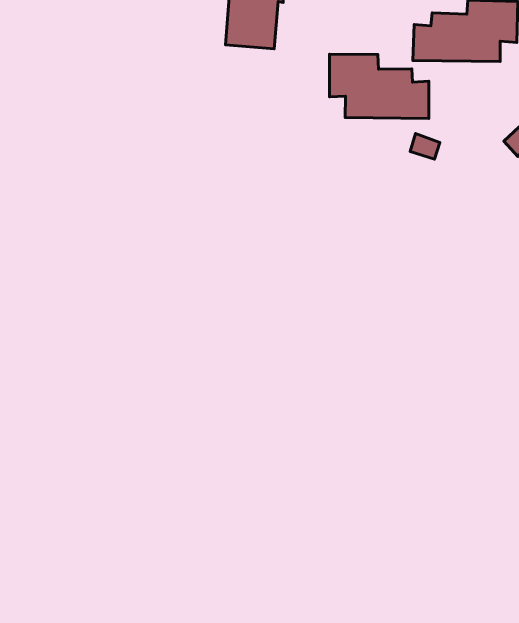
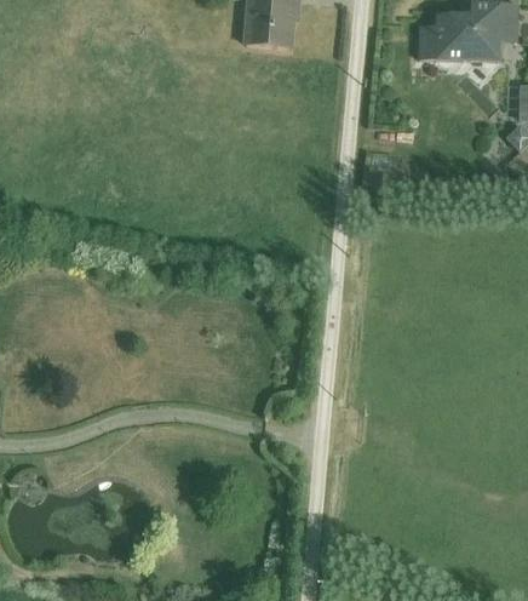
building: [330,54,429,119] -> none

